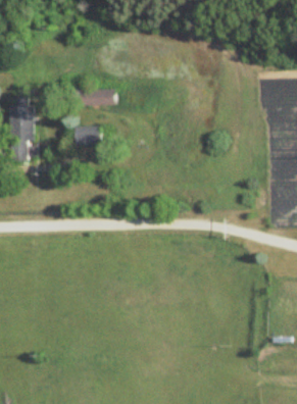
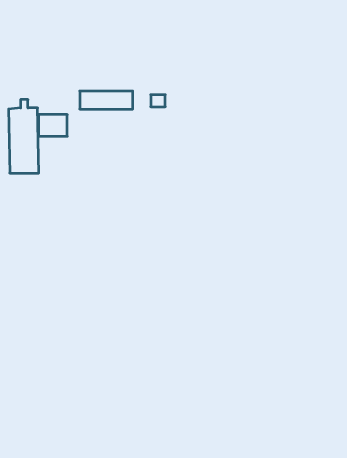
building: [75,128,99,146] -> [38,115,67,136]

